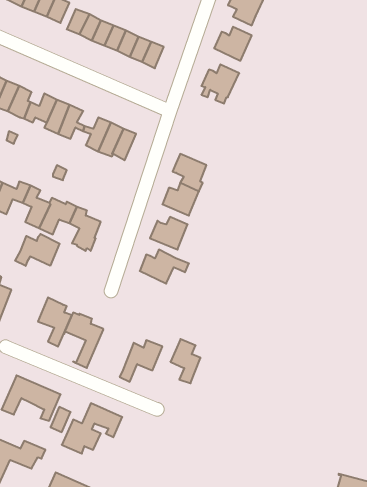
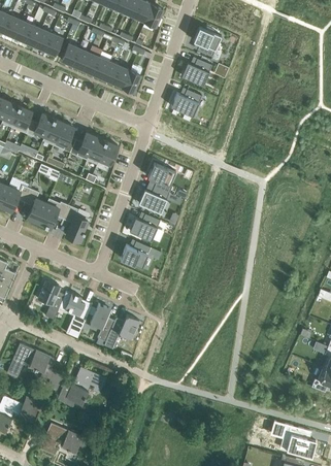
building: [15,234,60,266] -> none
building: [170,339,201,383] -> [90,305,114,341]

